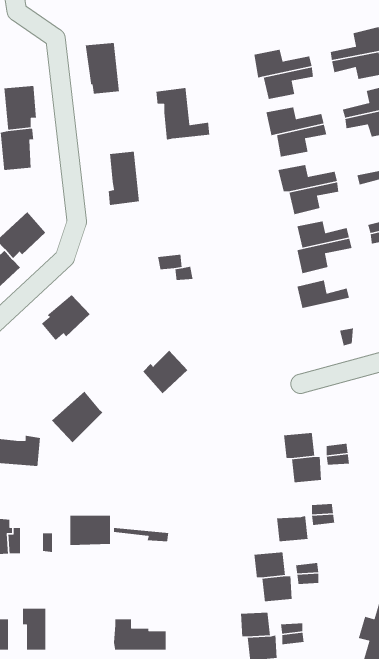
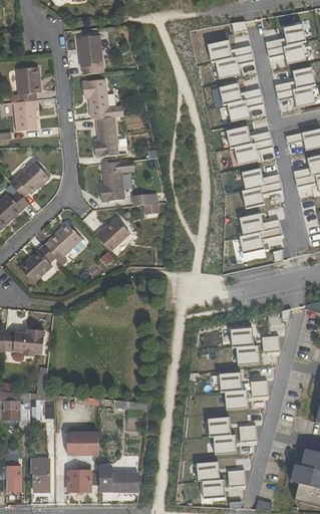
building: [155,87,210,141] -> [84,78,125,118]
building: none -> [102,160,136,201]
building: none -> [238,226,280,252]
building: [143,350,188,394] -> [97,218,131,251]
building: [51,391,103,443] -> [20,244,59,283]
building: none -> [217,371,241,392]
building: [69,515,111,546] -> [69,432,100,455]
building: none -> [70,470,101,490]

